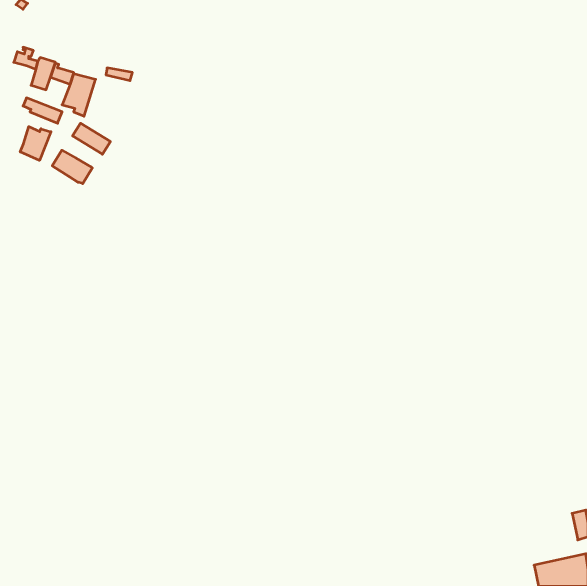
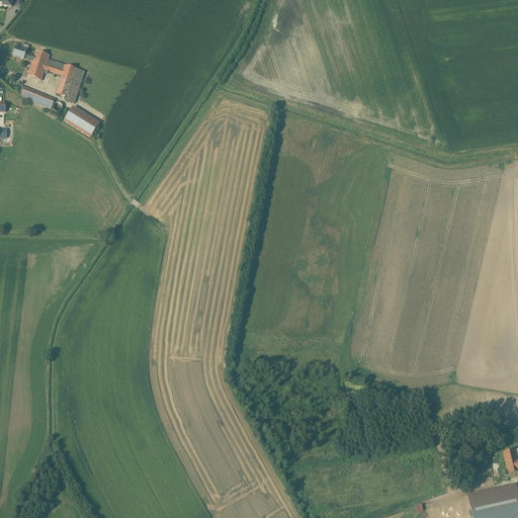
building: [20,127,51,160] -> none
building: [52,150,92,184] -> none

